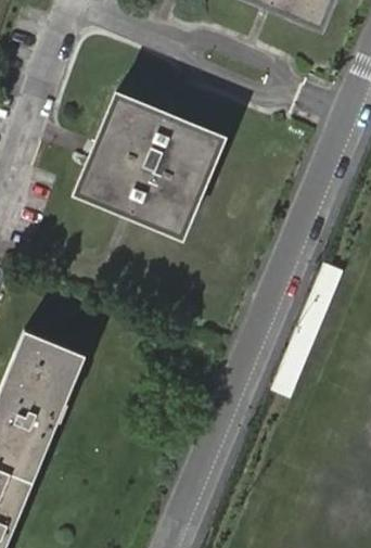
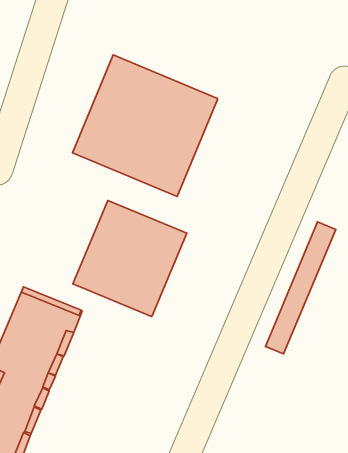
building: none -> [73,200,187,317]

